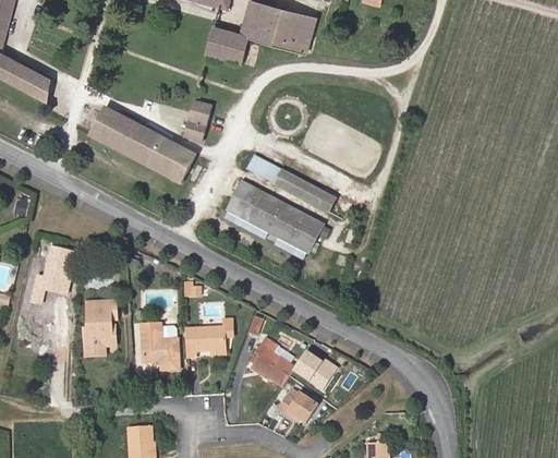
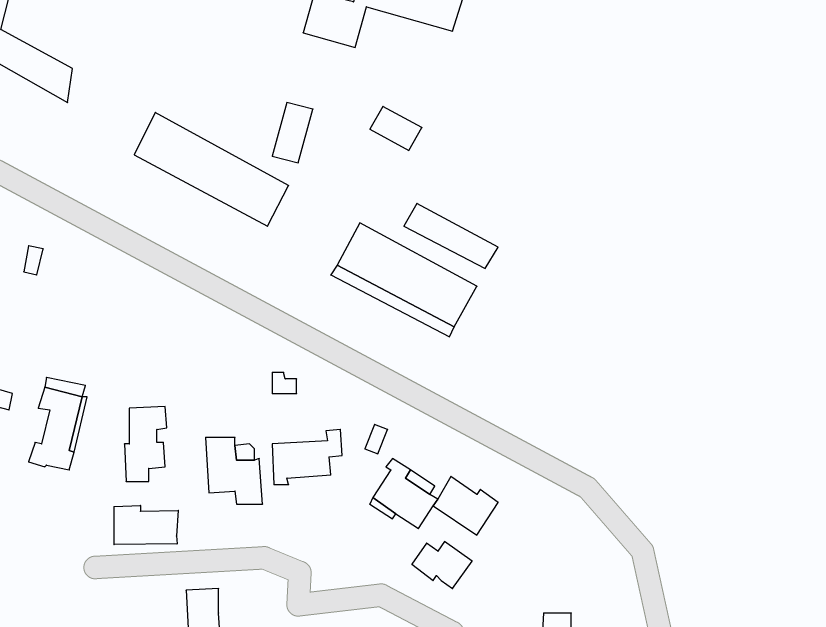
building: [246,154,281,183] -> [370,106,422,150]
building: none -> [114,505,178,545]

